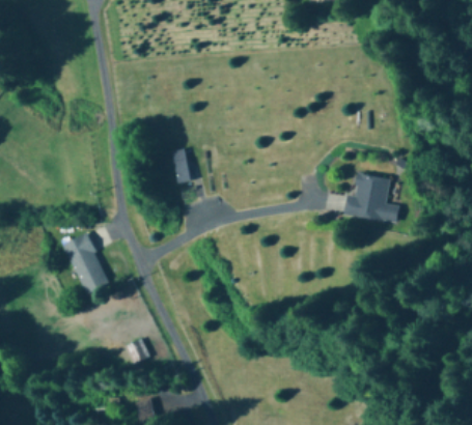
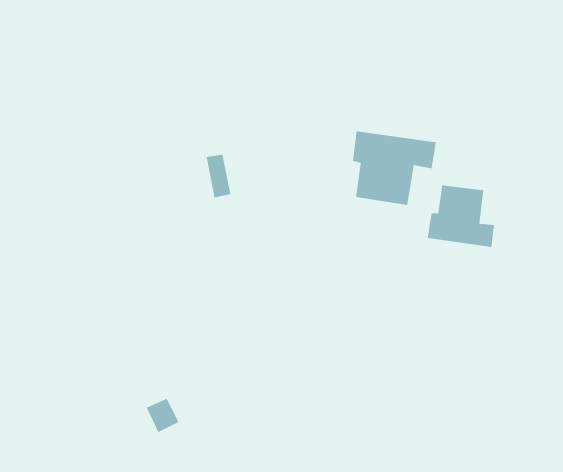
building: none -> [352,130,437,206]
building: [64,233,109,293] -> none

